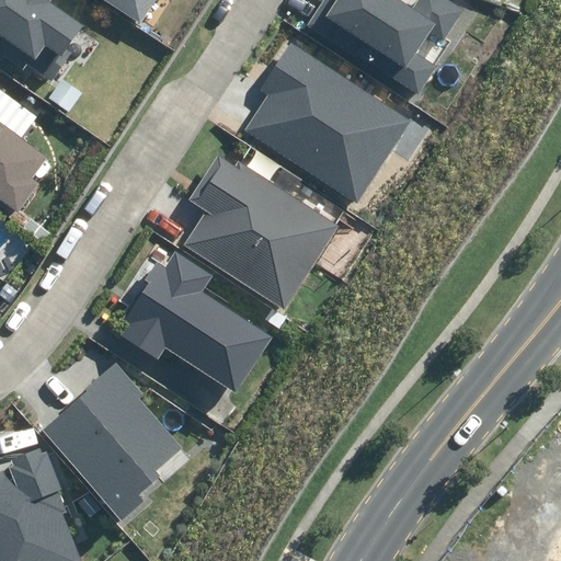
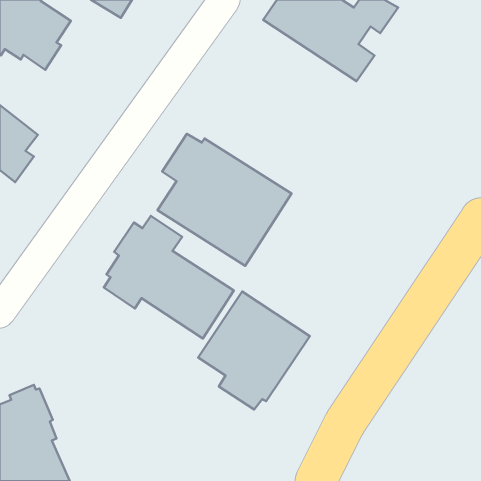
building: [243,43,408,201] -> none
building: none -> [198,291,310,410]
building: [41,364,180,519] -> none

